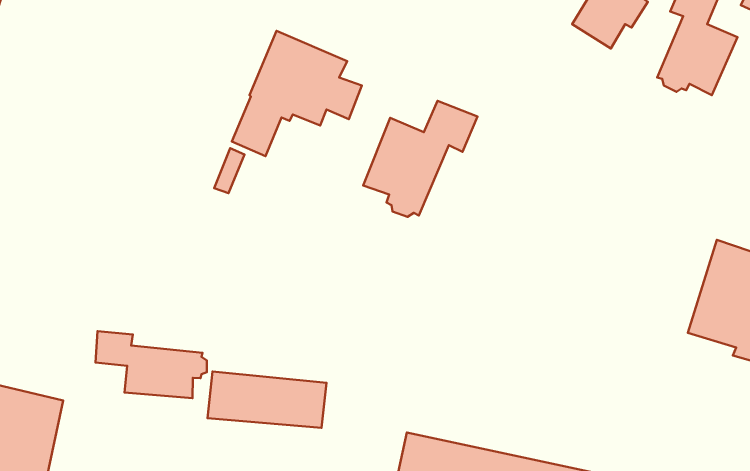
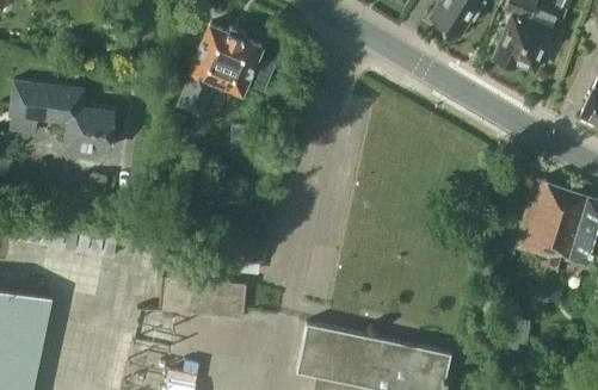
building: [363,101,477,217] -> none
building: none -> [10,82,115,150]
building: [95,331,207,398] -> none

